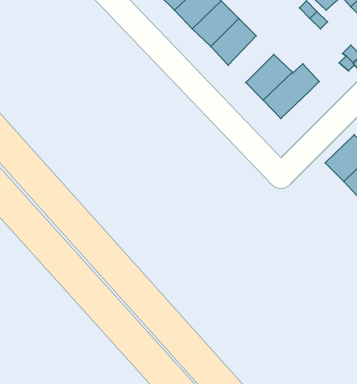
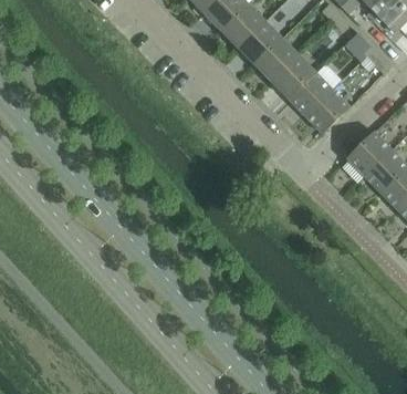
building: none -> [255,38,299,82]
building: none -> [305,90,351,134]

